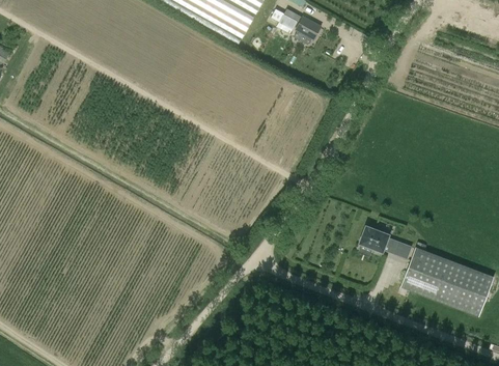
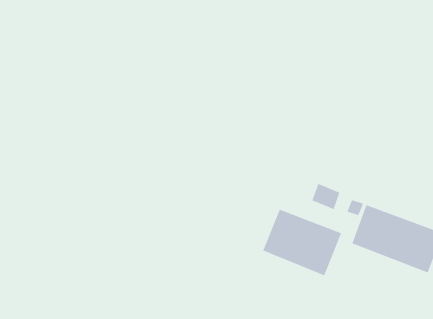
building: none -> [262,209,342,276]

